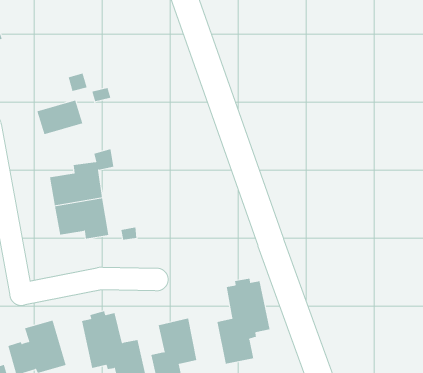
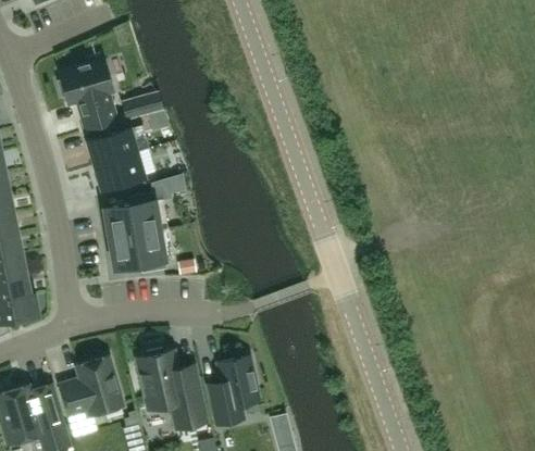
building: none -> [58,59,116,128]
building: none -> [98,151,147,188]
building: [217,278,270,365] -> none

